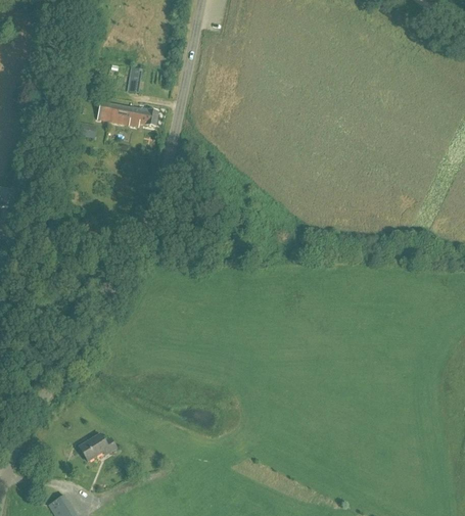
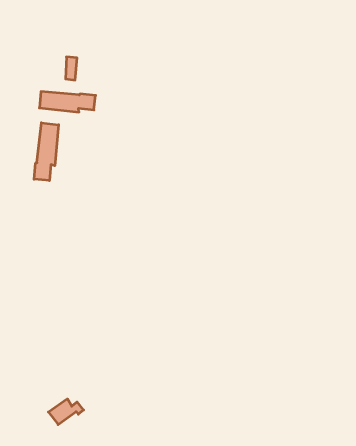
building: none -> [34,123,59,181]

